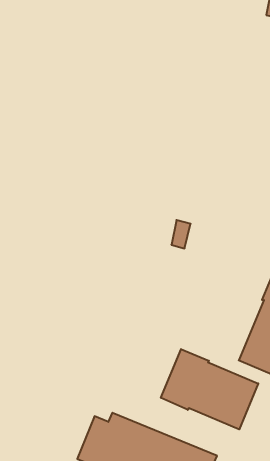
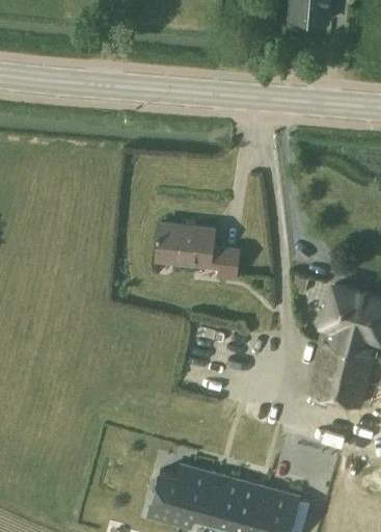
building: none -> [157,223,215,266]
building: [161,349,258,429] -> none

